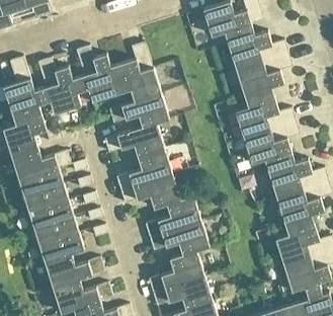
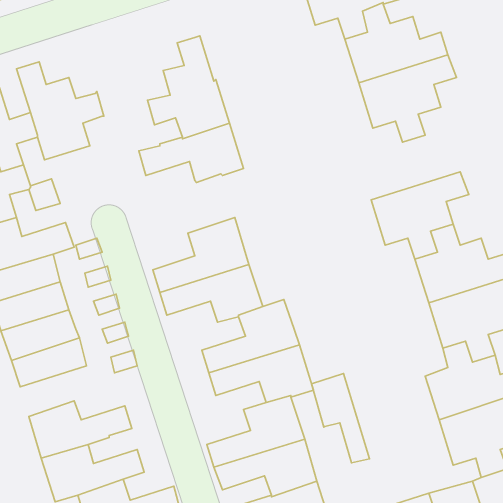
building: [75,45,127,101] -> none
building: [235,91,295,137] -> none
building: [103,122,164,156] -> none
building: [39,233,83,262] -> none
building: none -> [312,373,370,463]

